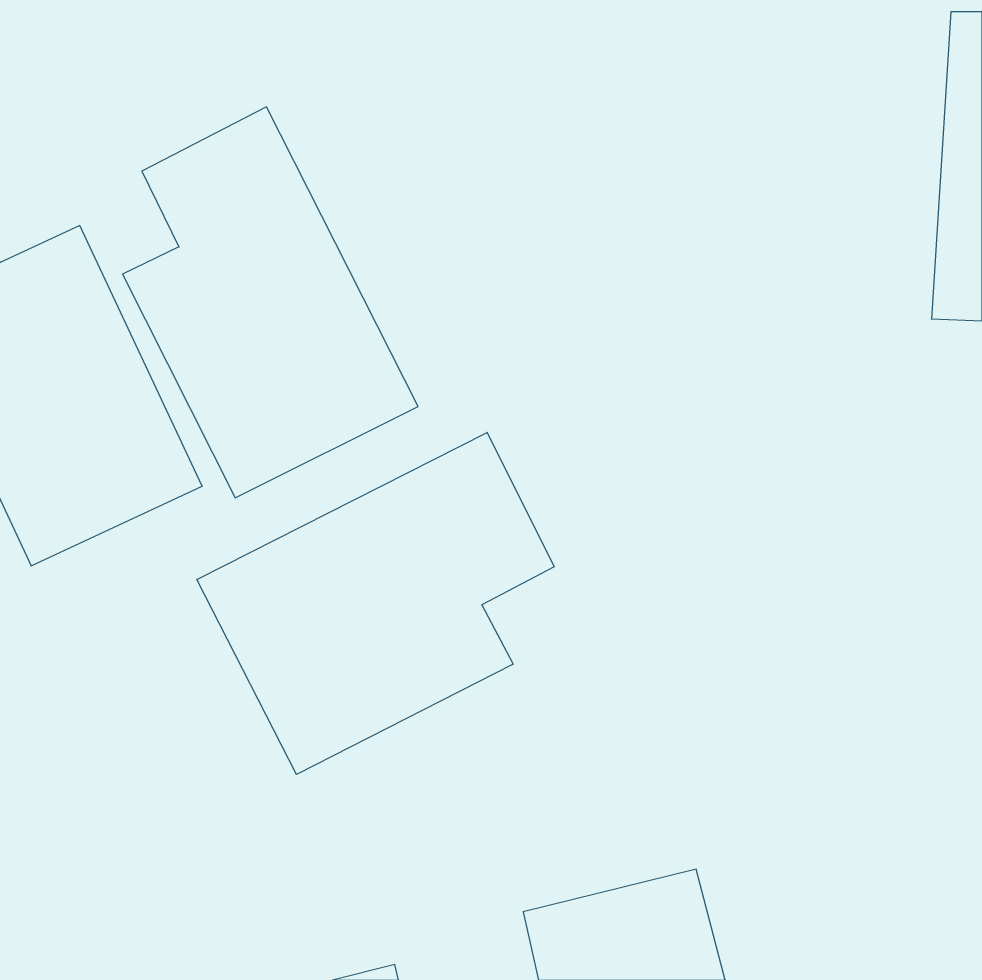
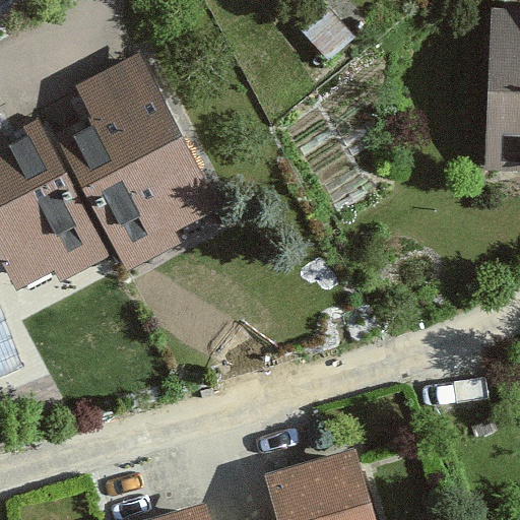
building: [197,432,554,774] -> none

